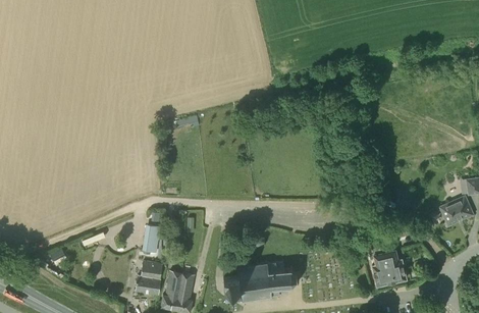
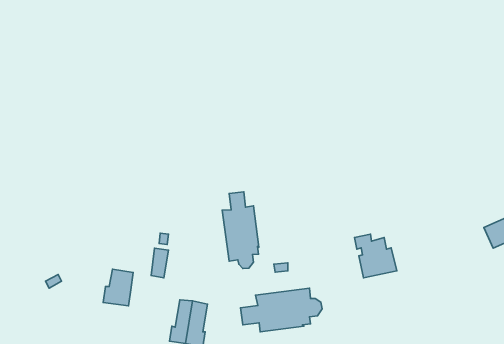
building: none -> [222,192,259,269]
building: [369,247,407,285] -> [354,234,397,278]
building: [137,261,163,294] -> [103,269,133,306]

